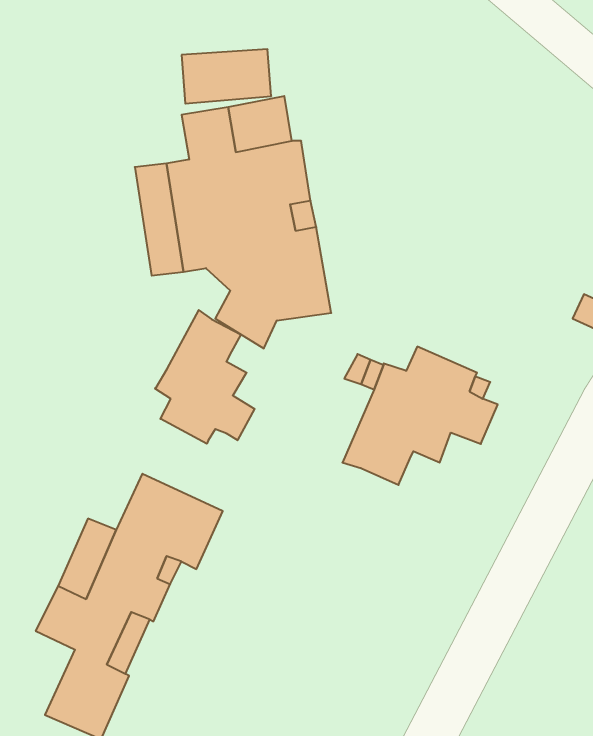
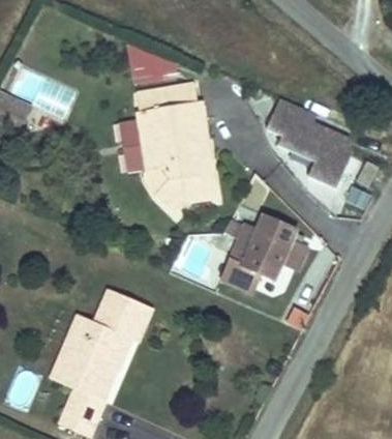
building: none -> [265,94,350,186]
building: [155,310,255,444] -> none

